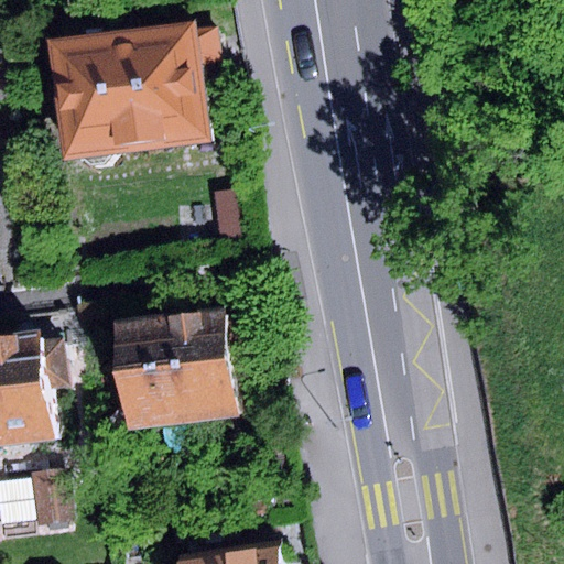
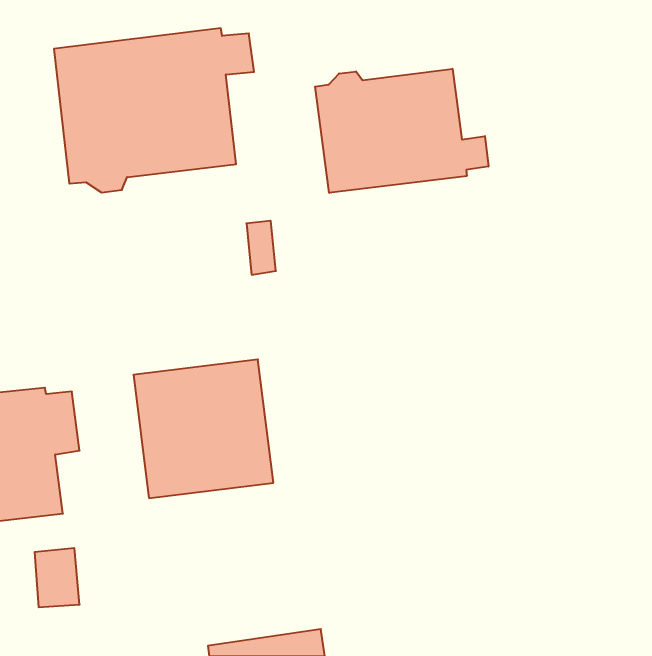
building: none -> [315,69,488,193]

